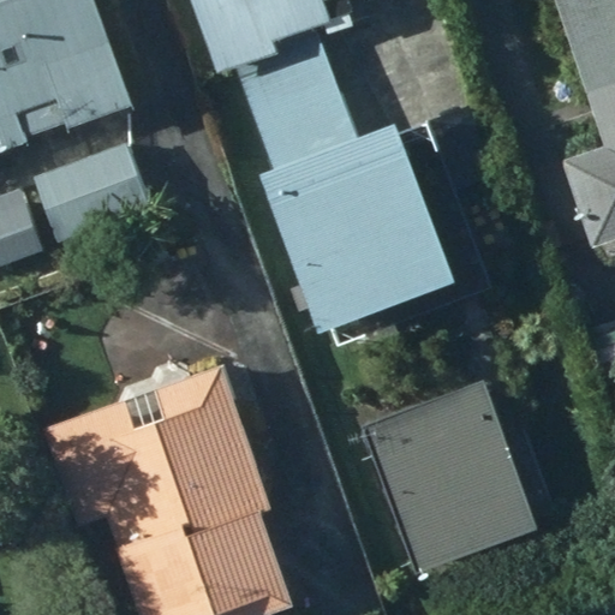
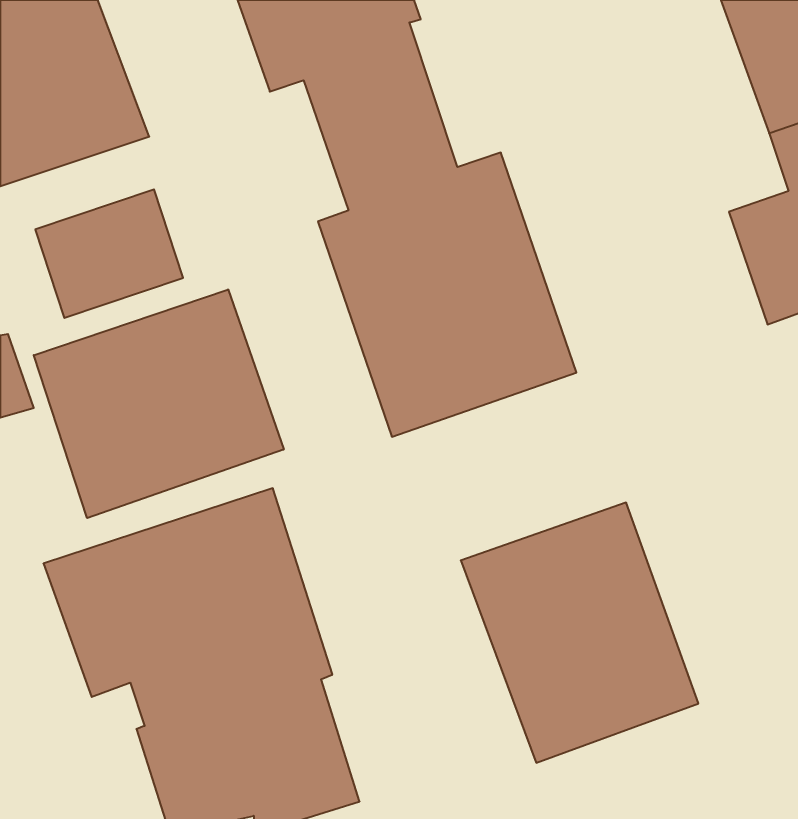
building: none -> [34,289,284,518]

